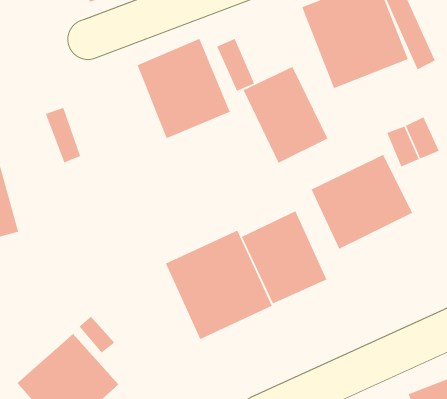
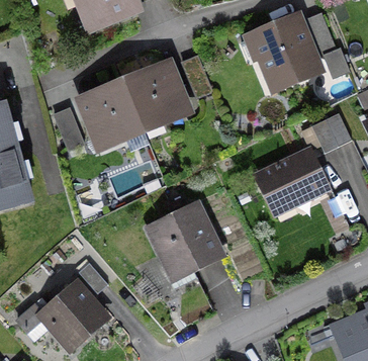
building: none -> [72,77,145,153]
building: [243,66,328,164] -> none
building: [241,210,328,305] -> none

